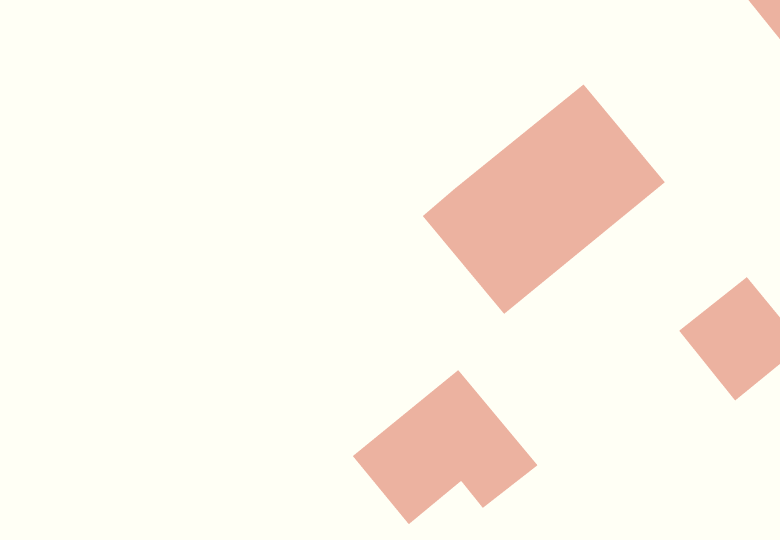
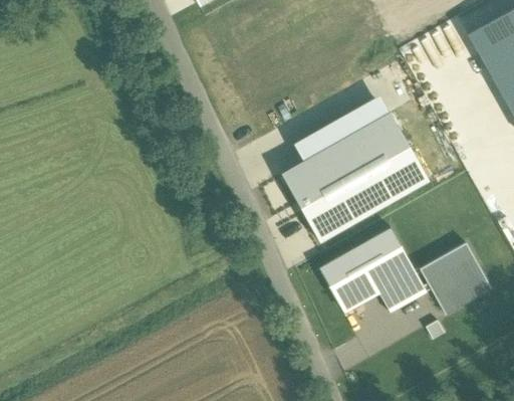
building: none -> [294,94,390,161]
building: [352,369,538,525] -> [318,227,427,314]

